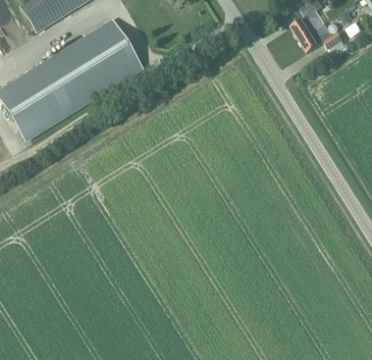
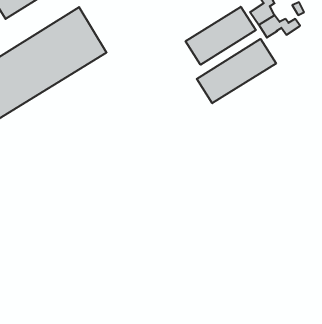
building: none -> [186,7,256,65]
building: none -> [197,39,276,103]

